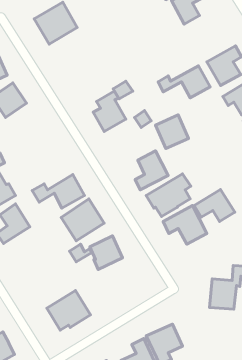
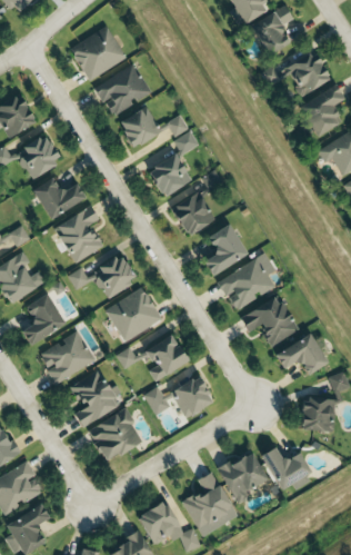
building: none -> [97,65,153,117]
building: none -> [118,107,189,148]
building: [158,66,210,98] -> [261,52,330,95]
building: [156,115,188,149] -> [171,191,214,236]
building: none -> [32,179,84,219]
building: none -> [54,207,102,264]
building: [194,190,235,222] -> [274,334,328,376]
building: none -> [41,331,96,385]
building: none -> [71,370,122,428]
building: none -> [144,377,212,418]
building: none -> [260,447,310,490]

